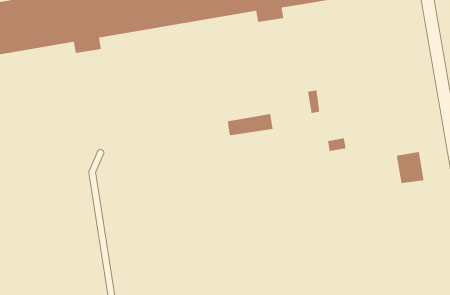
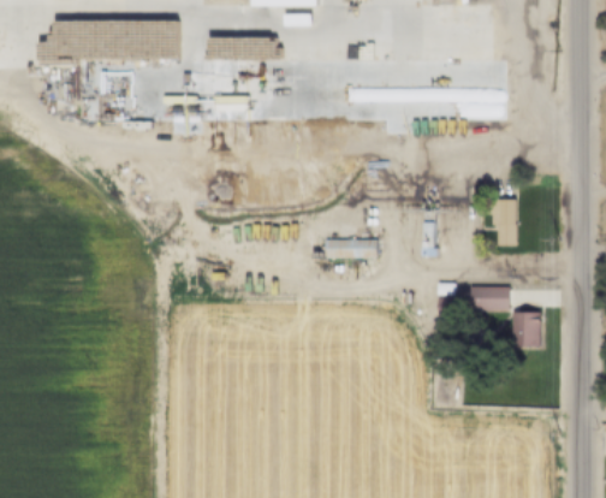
building: none -> [494,192,517,238]
building: none -> [473,280,511,303]

